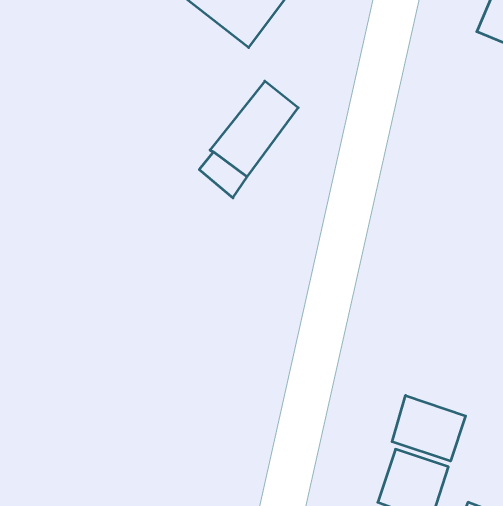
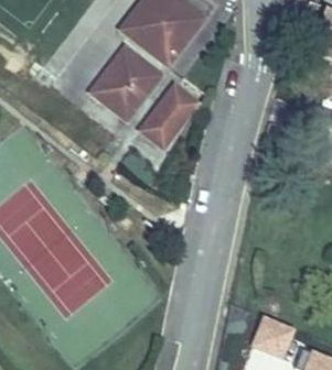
building: none -> [93,47,159,115]
building: [392,395,466,461] -> none

